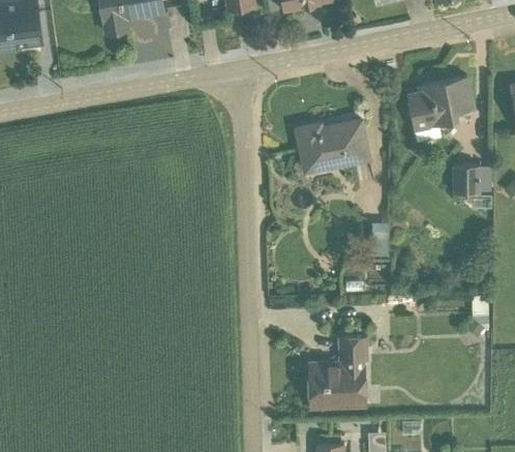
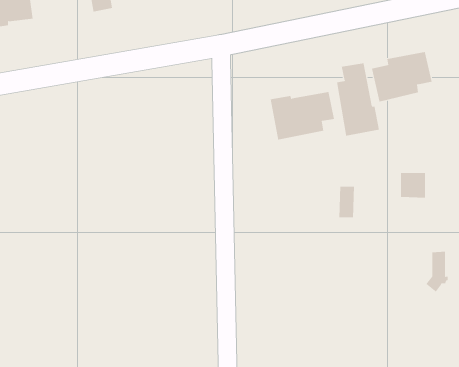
building: none -> [336,63,379,137]
building: [452,165,480,193] -> [400,172,426,198]
building: [307,337,368,408] -> none

